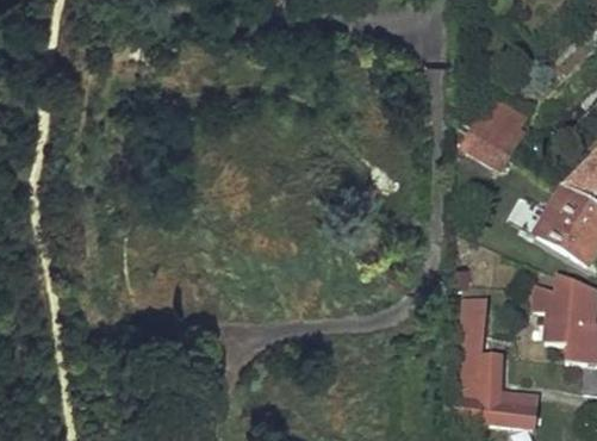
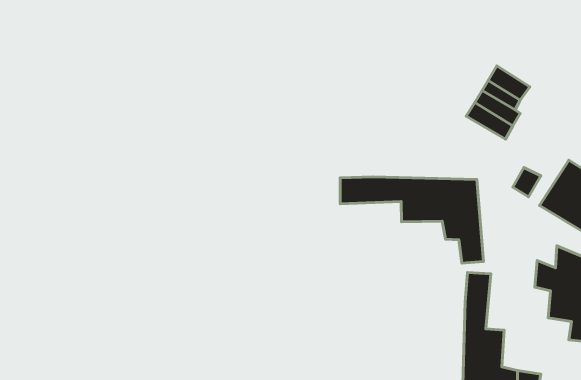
building: none -> [340,177,483,263]

